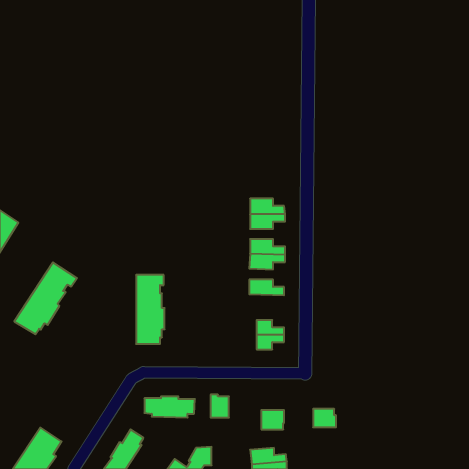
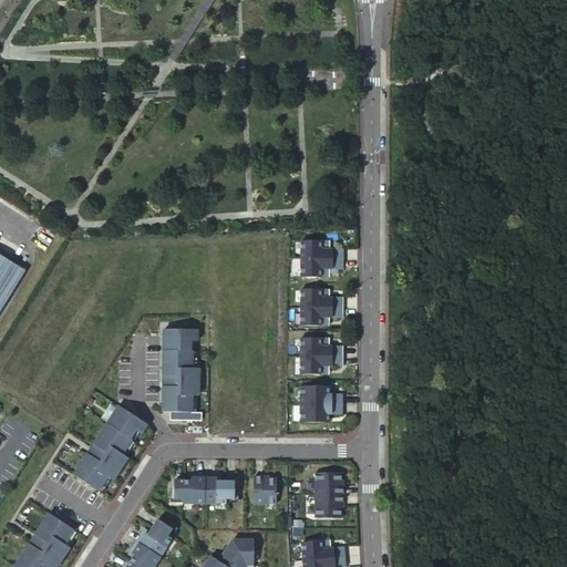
building: [14,262,77,334] -> [72,406,147,493]
building: none -> [300,354,342,373]
building: [313,409,336,427] -> [315,472,342,494]

